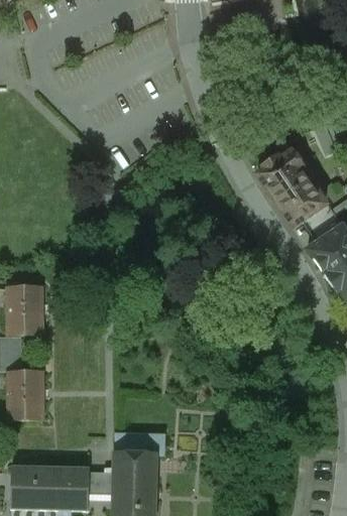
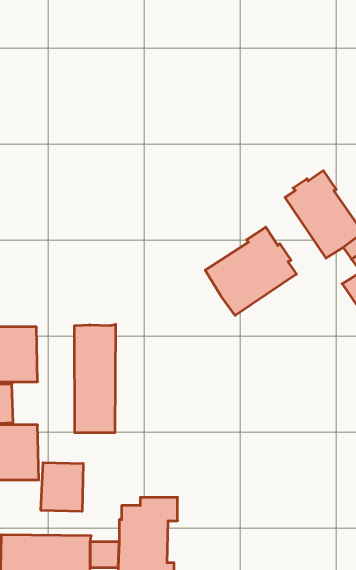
building: none -> [205,227,296,315]
building: none -> [75,324,116,433]
building: none -> [41,463,83,511]

